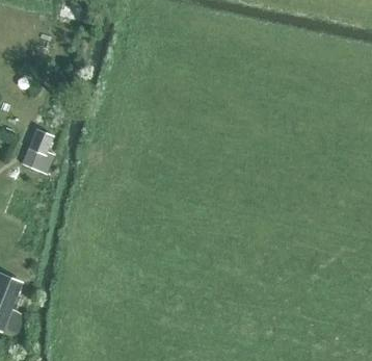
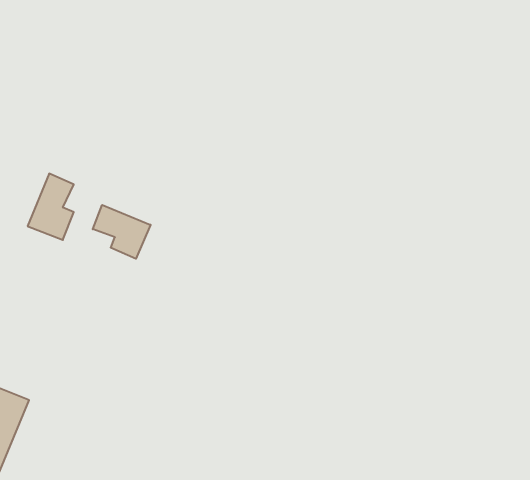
building: none -> [93,205,151,259]

